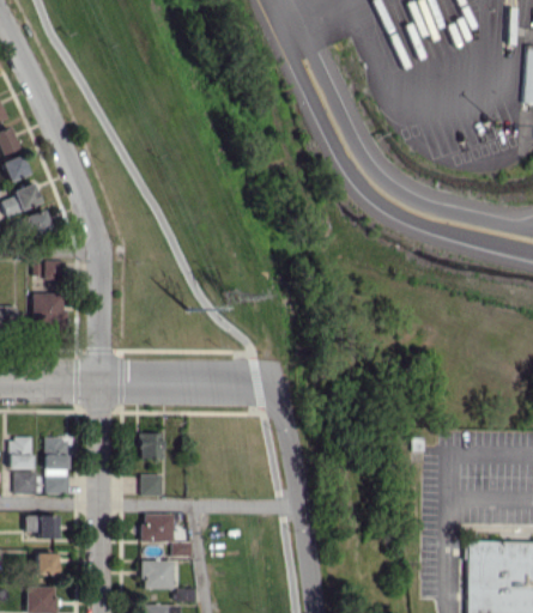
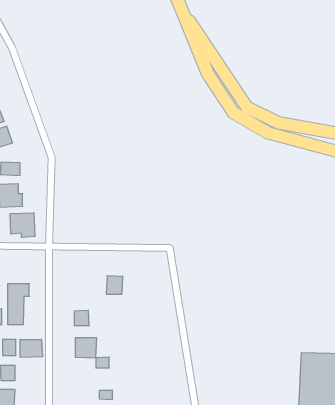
building: none -> [10,213,35,237]
building: [139,432,163,459] -> [106,276,123,294]
building: none -> [20,339,42,357]
building: [143,560,174,589] -> none

